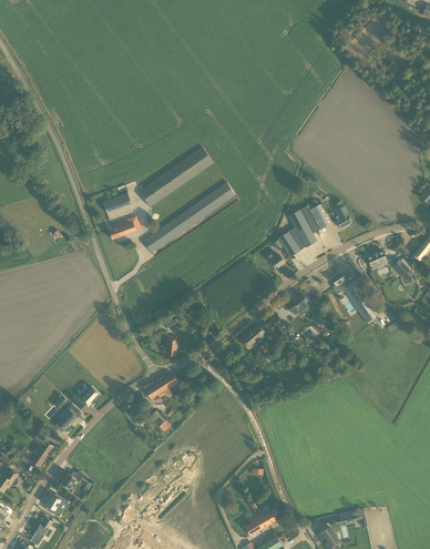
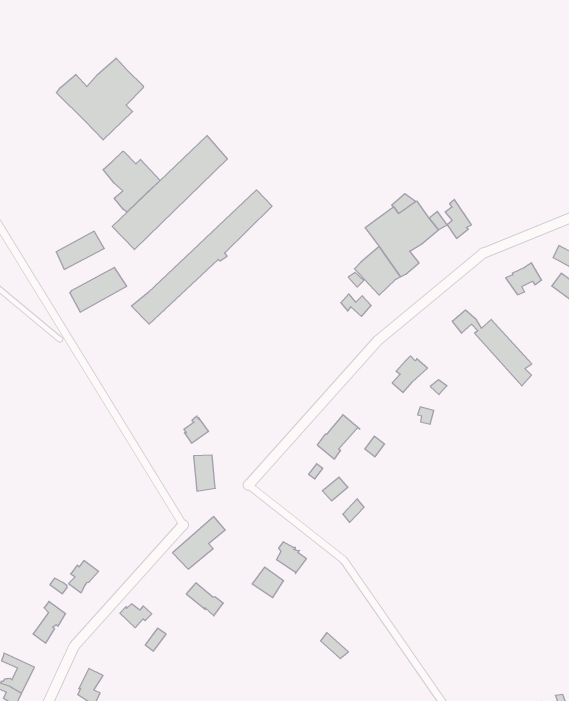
building: none -> [56,58,143,140]
building: none -> [103,151,160,212]

